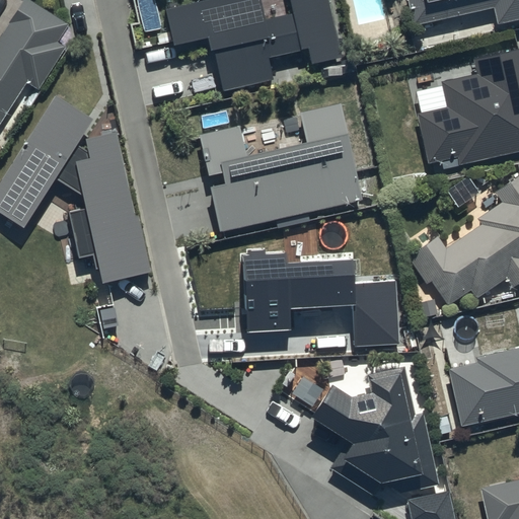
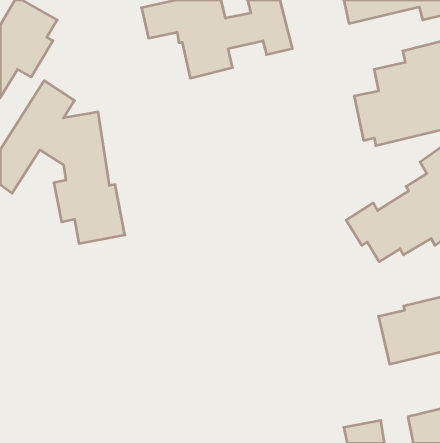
building: [197,103,363,231] -> none
building: [246,252,402,345] -> none
building: [305,367,439,493] -> none

